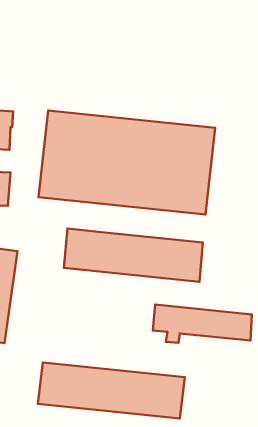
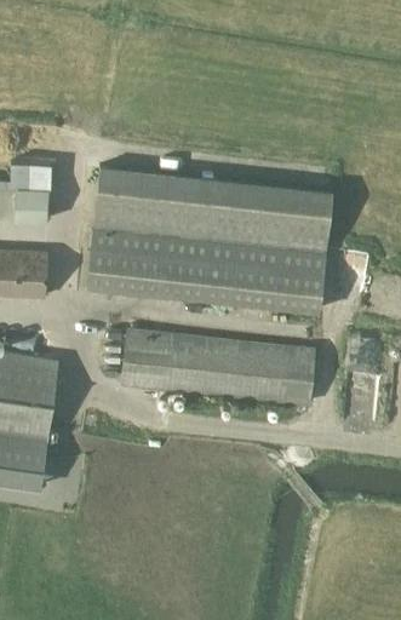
building: [153,304,252,343] -> none
building: [38,363,185,418] -> none

